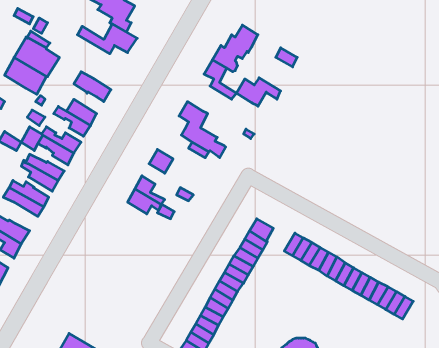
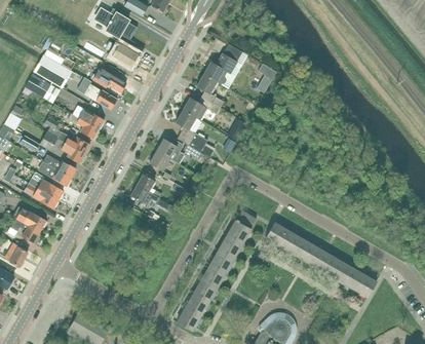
building: none -> [92,68,126,93]
building: [236,78,281,106] -> [182,97,220,121]
building: none -> [156,139,184,164]

